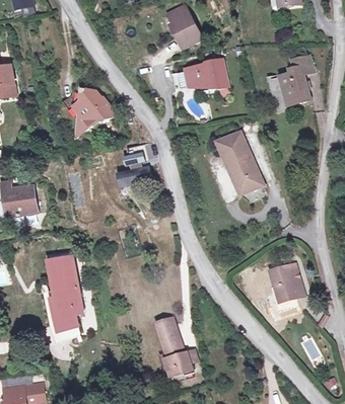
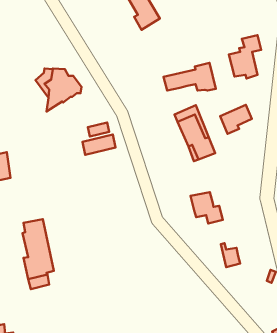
building: [170,59,228,89] -> [163,63,216,91]
building: none -> [220,105,252,134]
building: [268,263,303,298] -> [191,192,223,223]
building: [156,318,198,375] -> none

